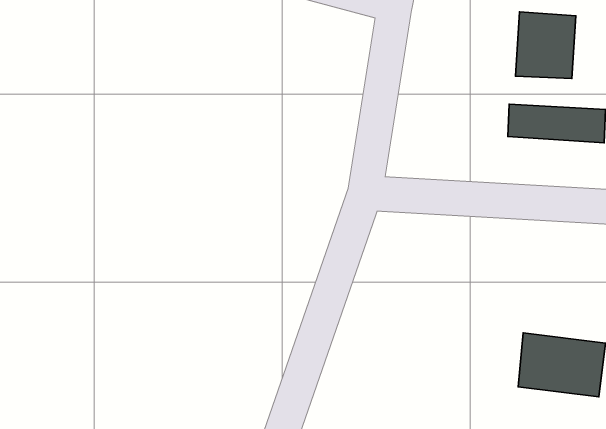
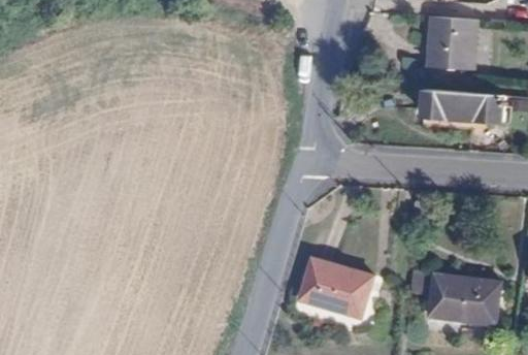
building: none -> [300,258,373,317]

